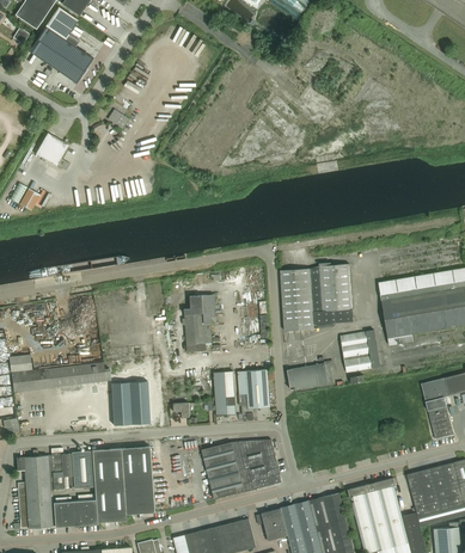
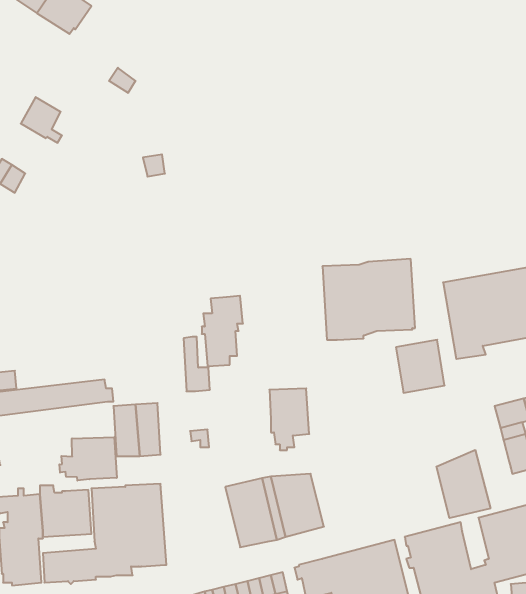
building: [286,363,332,388] -> none
building: [213,371,234,416] -> [184,337,210,391]
building: none -> [59,437,117,481]
building: none -> [436,450,490,518]

